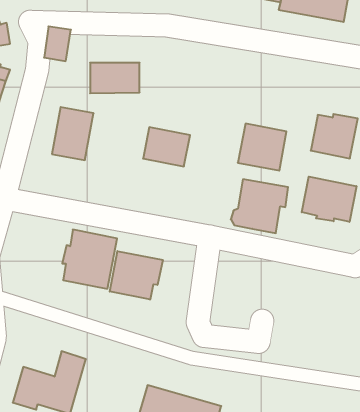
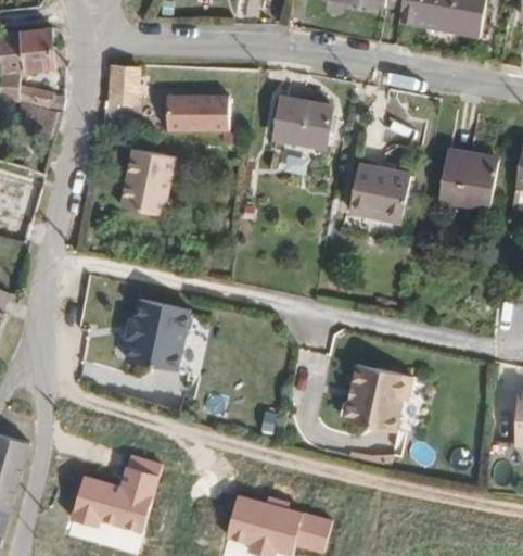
building: [143,127,190,166] -> [271,99,330,148]
building: [302,177,356,222] -> none
building: [231,179,288,233] -> [350,353,422,420]
building: [110,251,163,300] -> none

